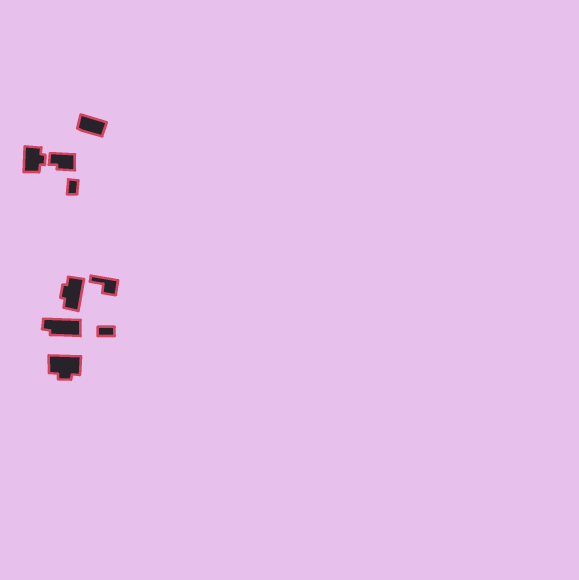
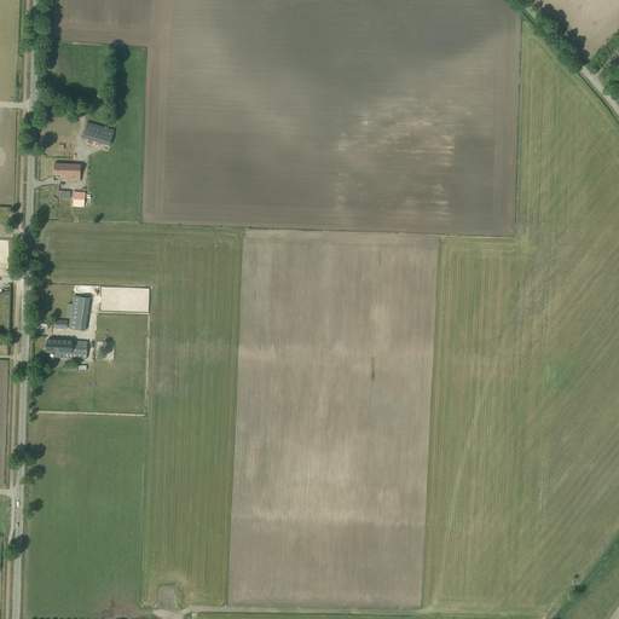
building: [24,146,45,172] -> none
building: [49,355,81,380] -> none

